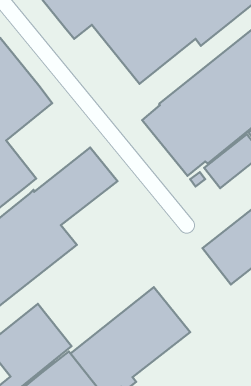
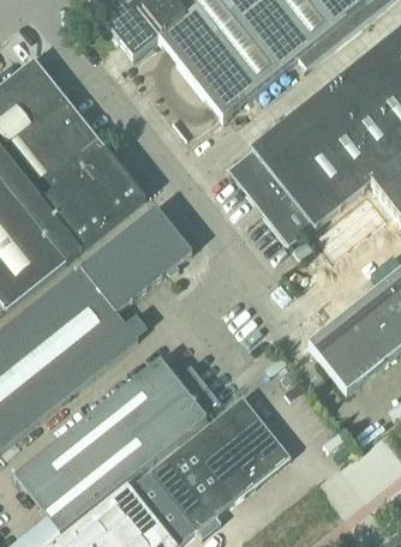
building: none -> [41,144,144,246]
building: none -> [84,355,220,474]

